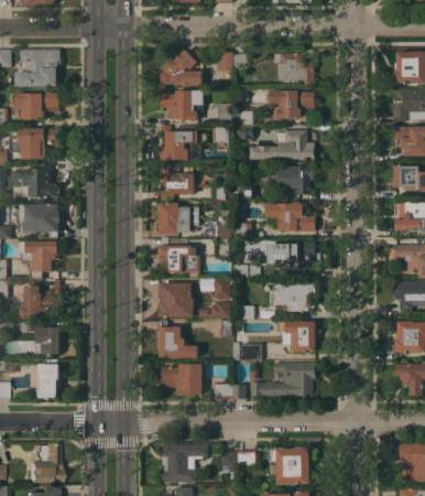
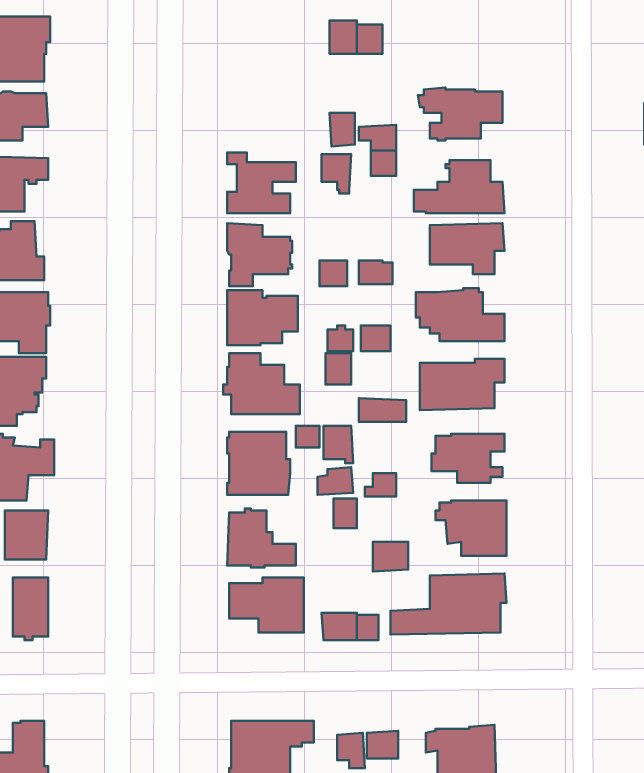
building: [161,48,203,86] -> none
building: [273,53,314,85] -> none
building: [159,90,203,121] -> none

